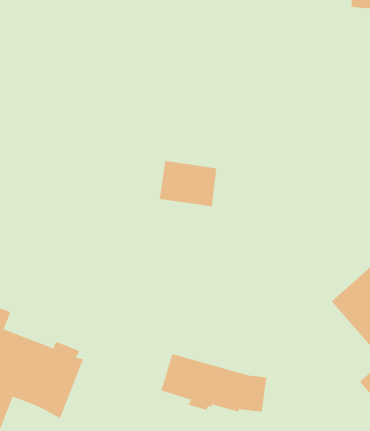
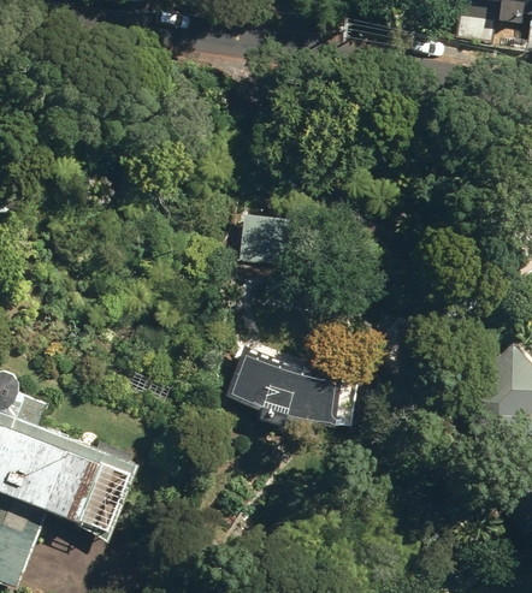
building: [160,354,267,412] -> [218,350,354,425]

